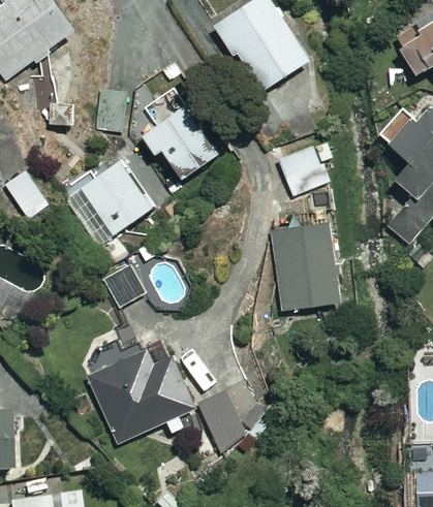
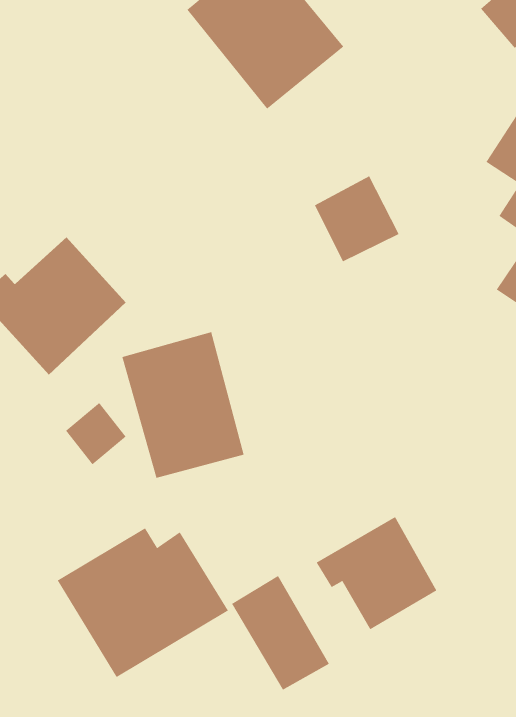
building: [144,103,213,170] -> none
building: [269,222,339,311] -> [122,331,244,479]
building: none -> [316,516,437,630]

